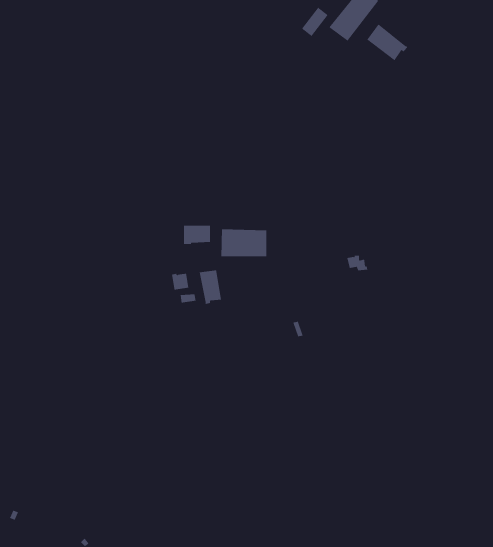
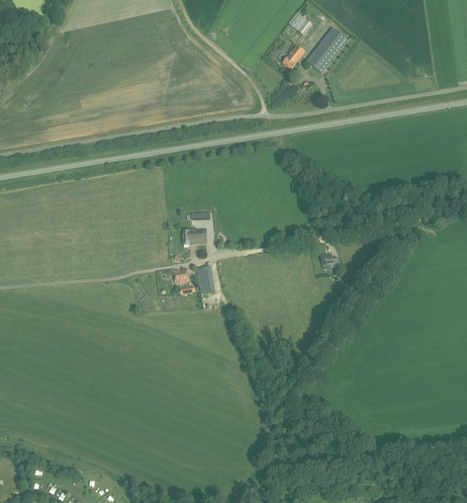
building: [367,23,408,61] -> none
building: [221,229,267,257] -> none

